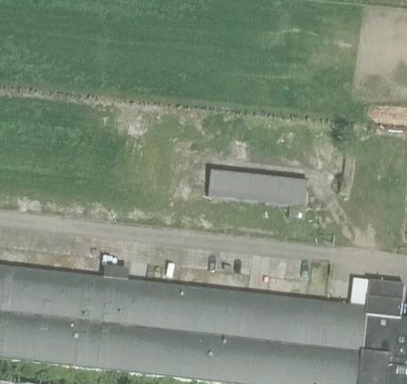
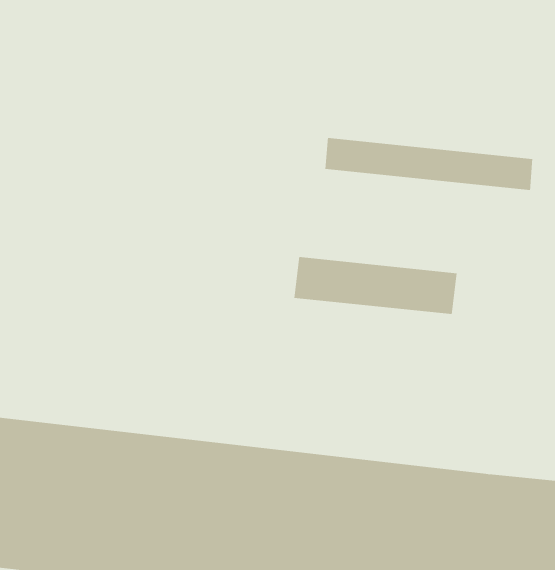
building: none -> [325,137,533,191]

